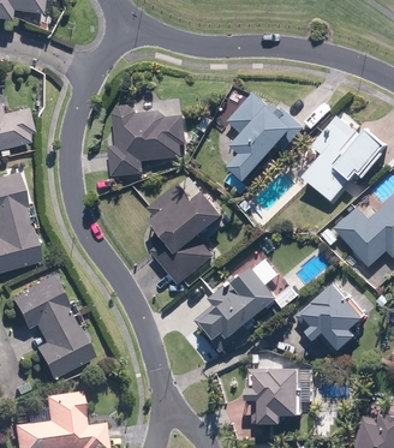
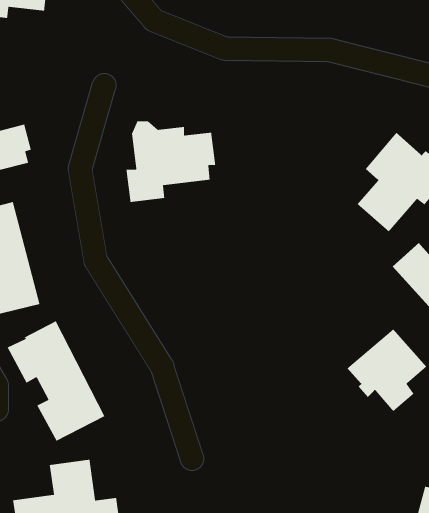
building: [228,92,304,183] -> none
building: [148,184,220,283] -> none
building: [195,268,277,352] -> none
building: [246,369,299,423] -> none

